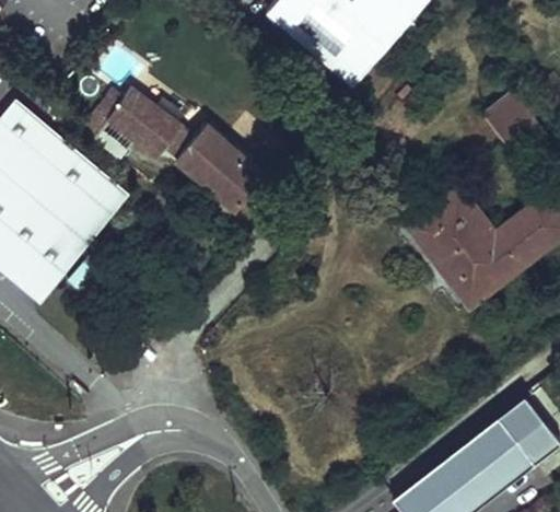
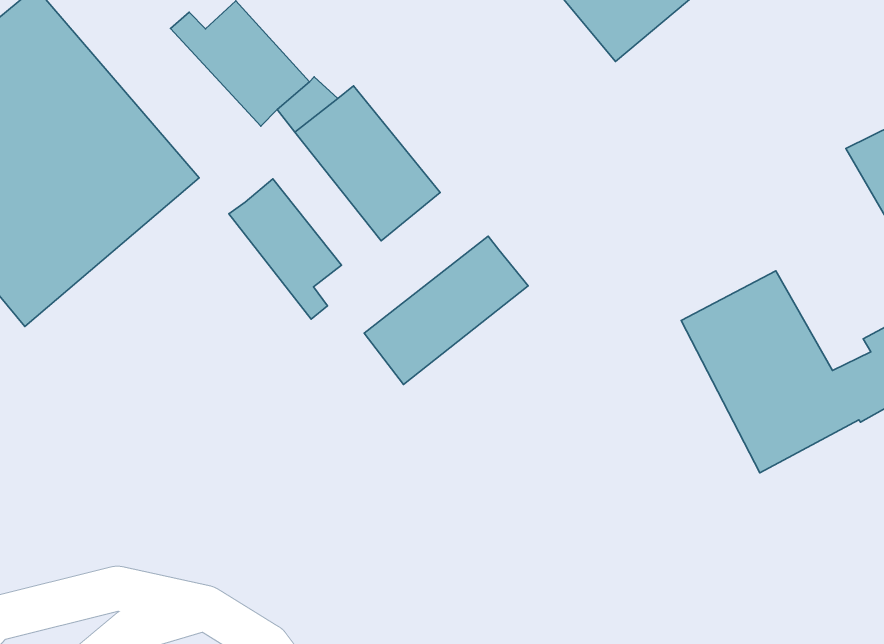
building: none -> [229,179,341,319]
building: none -> [364,236,528,385]

